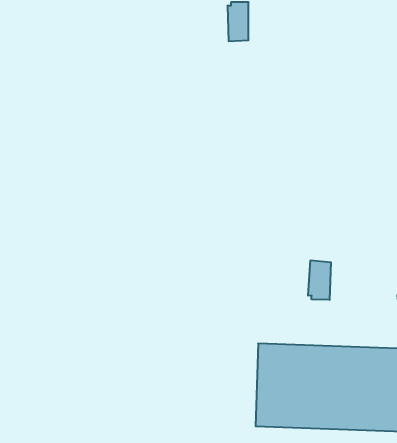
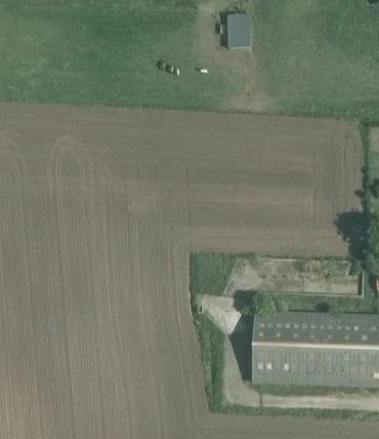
building: [308,260,331,300] -> none

